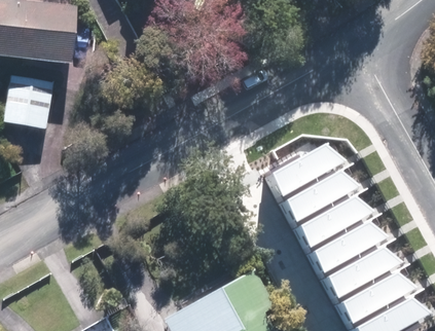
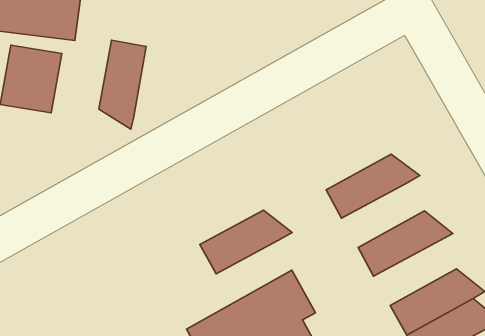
building: none -> [99,40,146,129]
building: [269,144,350,199] -> [200,210,292,274]
building: [297,193,378,250] -> none
building: [325,244,407,300] -> none

